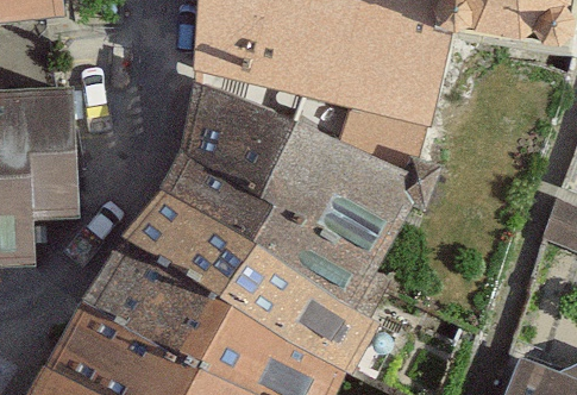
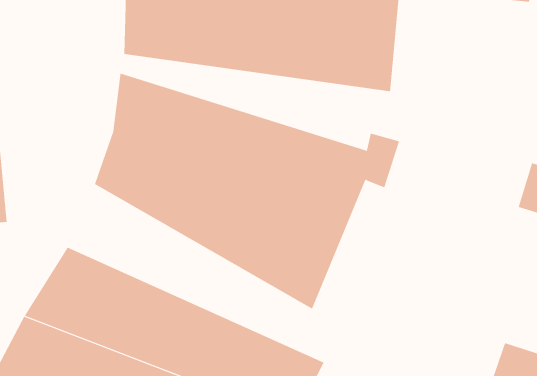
building: [131,188,374,365] -> none

